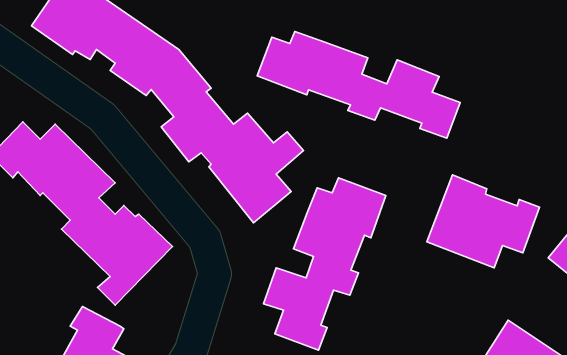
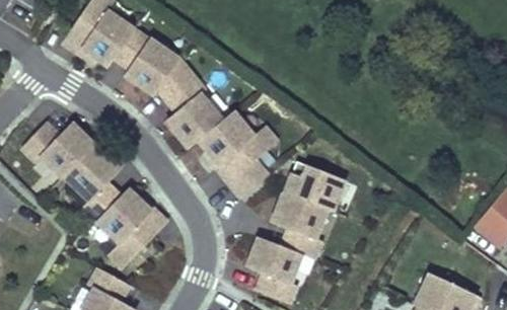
building: [257,32,460,138] -> none
building: [427,175,539,268] -> none

